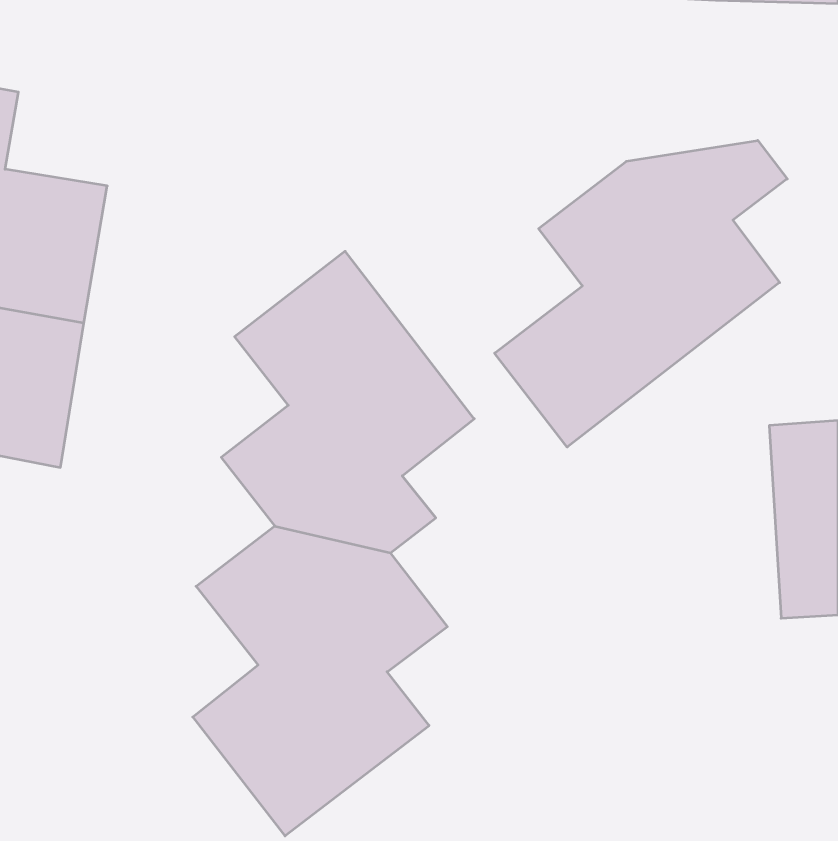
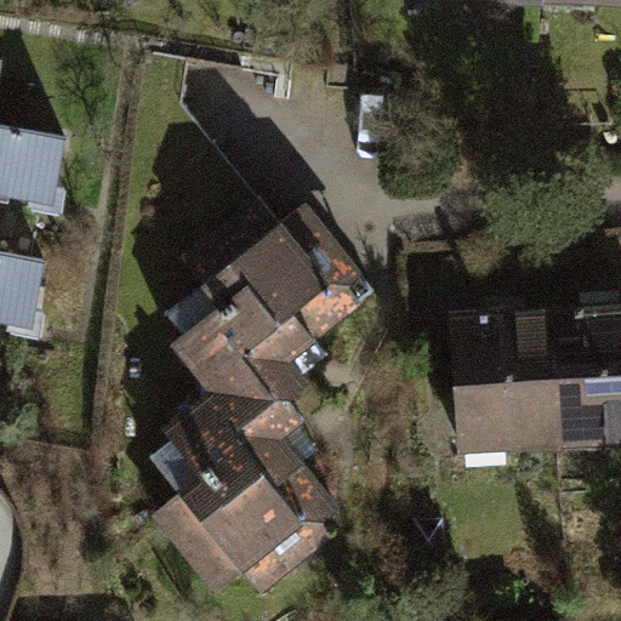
building: [495,140,787,447] -> none
building: none -> [454,308,565,454]

